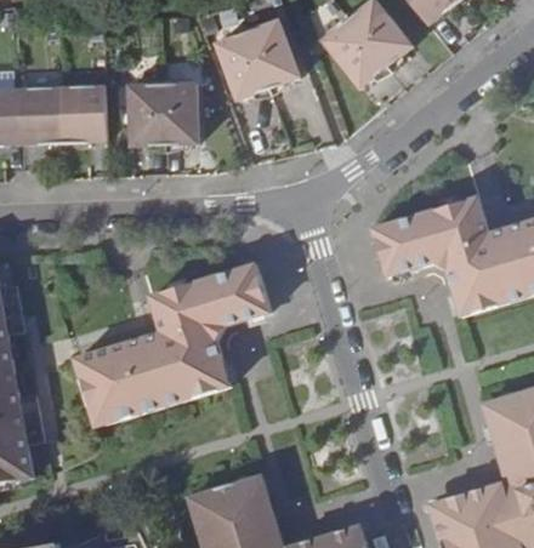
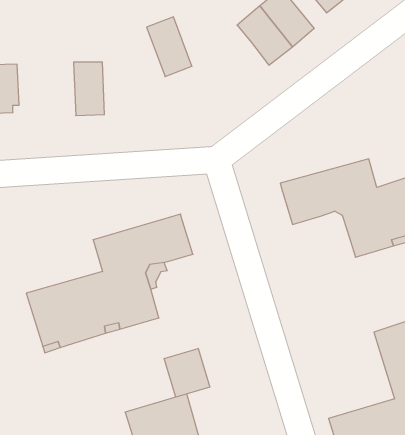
building: [248,19,300,89] -> none
building: [164,82,199,145] -> none
building: [63,85,108,142] -> none
building: none -> [164,348,210,397]

